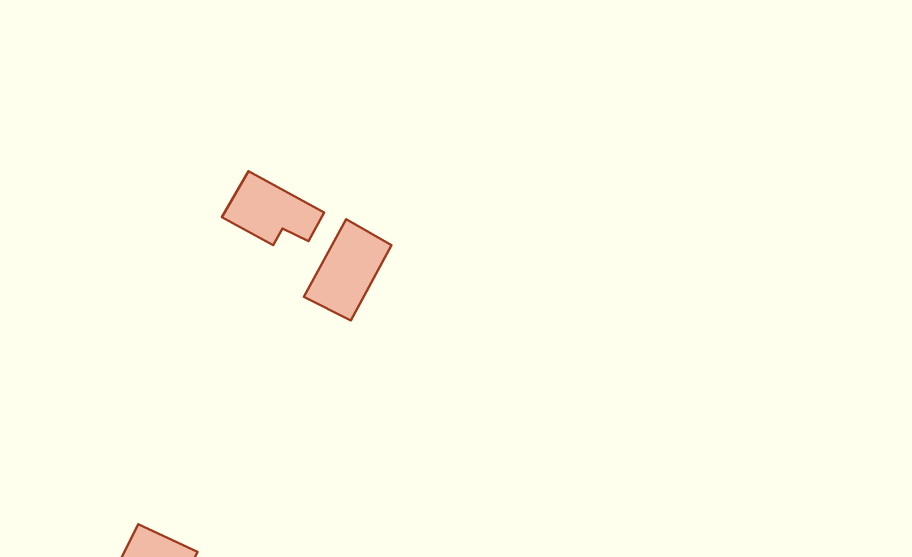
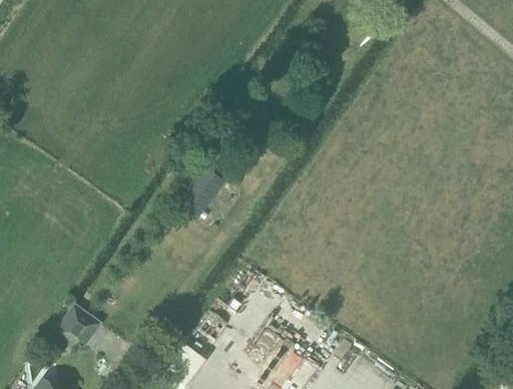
building: [222,171,324,245] -> none

